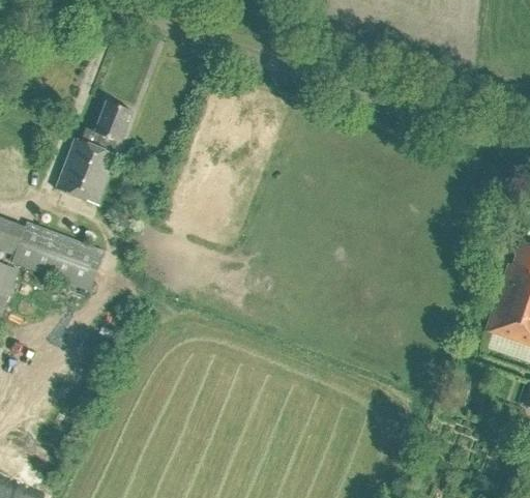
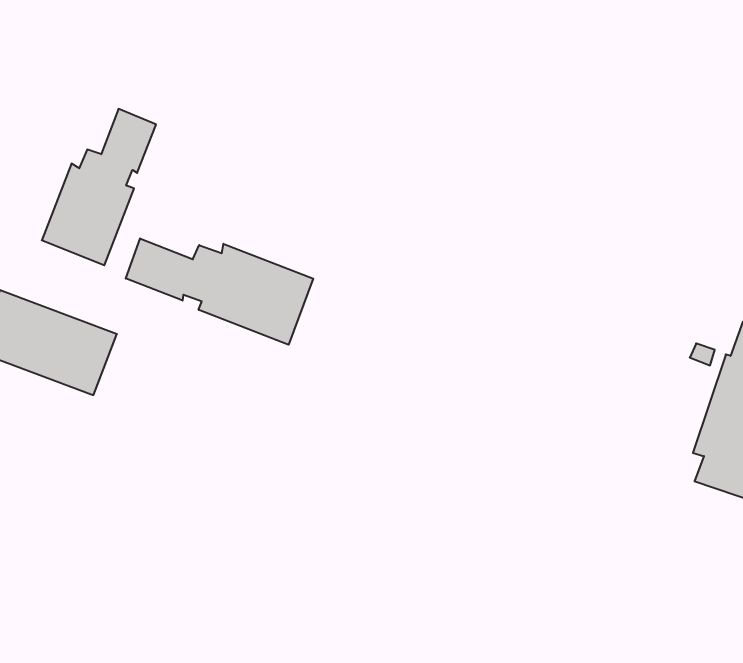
building: none -> [126,238,313,345]

